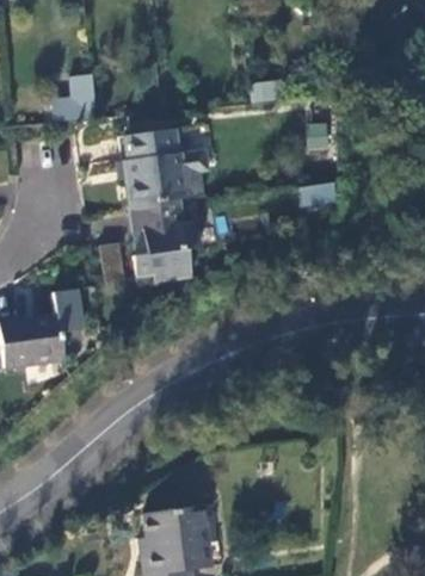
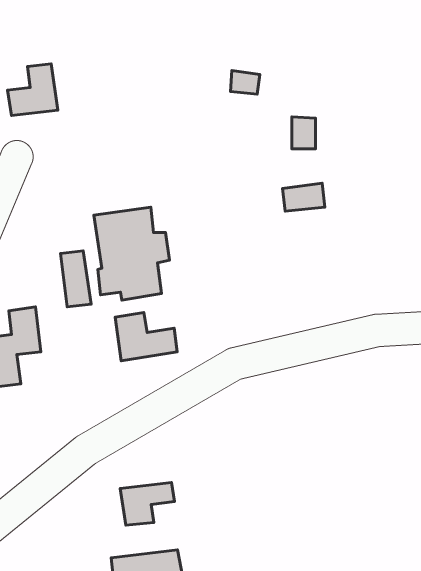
building: [124,134,208,210] -> none
building: none -> [115,313,177,361]
building: none -> [120,483,174,525]

